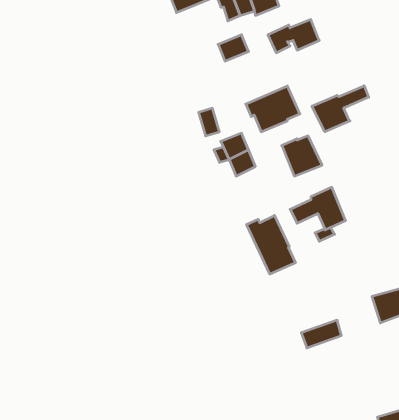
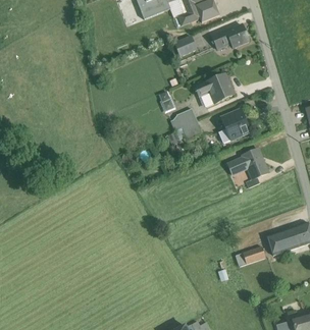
building: [312,86,369,132] -> none
building: [247,215,295,274] -> none
building: none -> [266,228,293,255]

